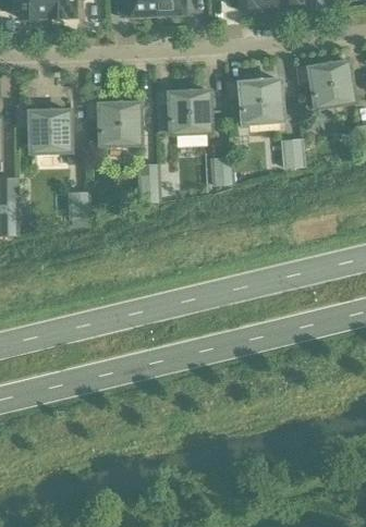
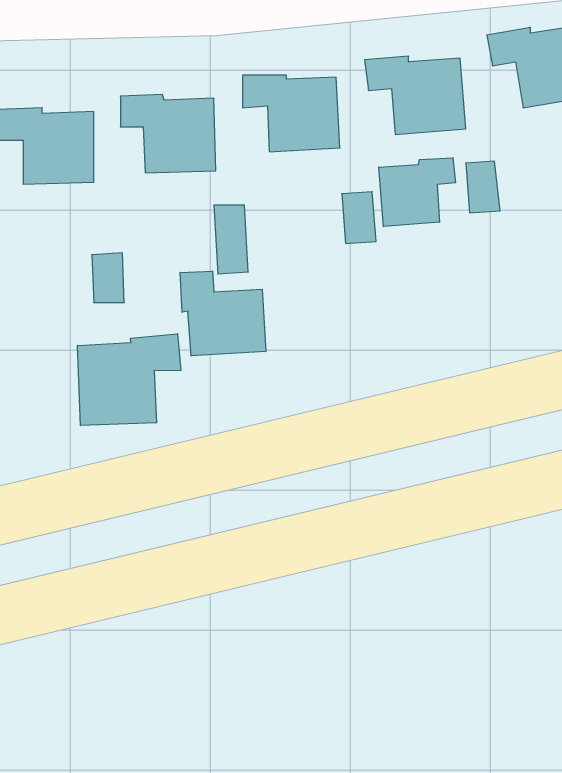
building: none -> [379,158,455,227]
building: none -> [180,271,266,356]
building: none -> [78,334,181,426]

